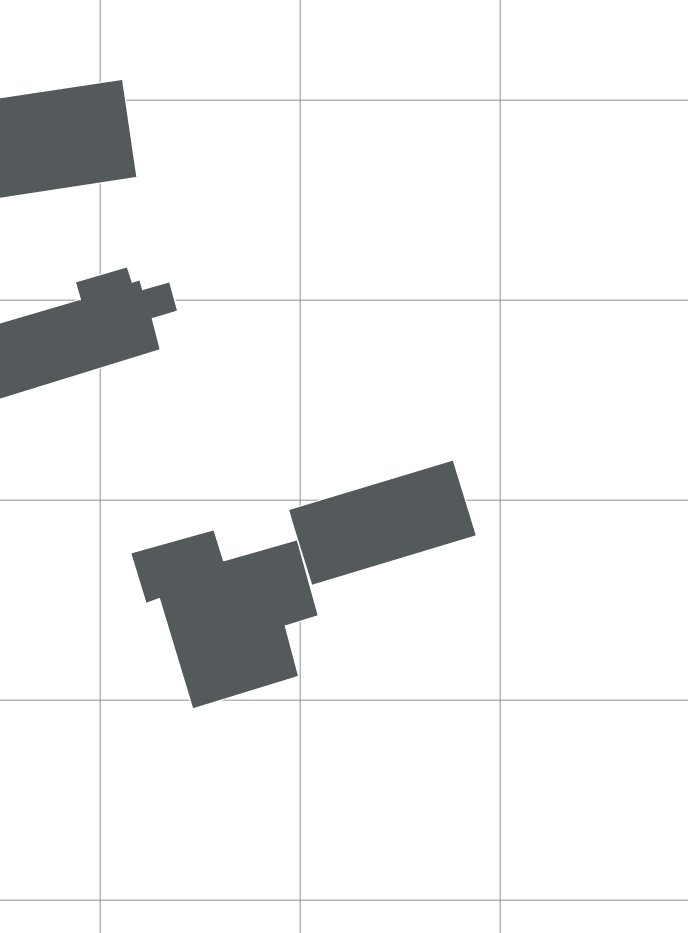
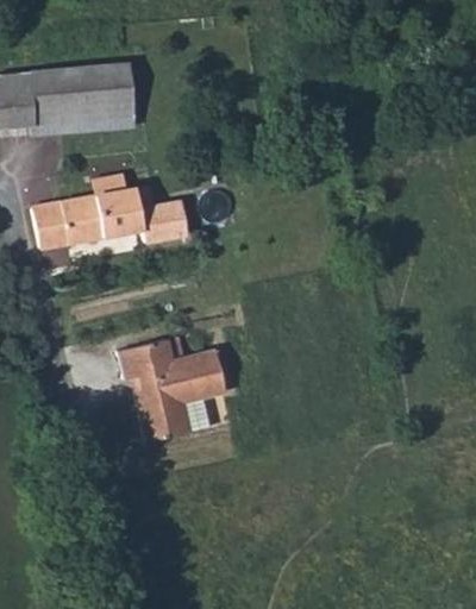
building: none -> [139,199,189,247]
building: [289,460,476,585] -> none

